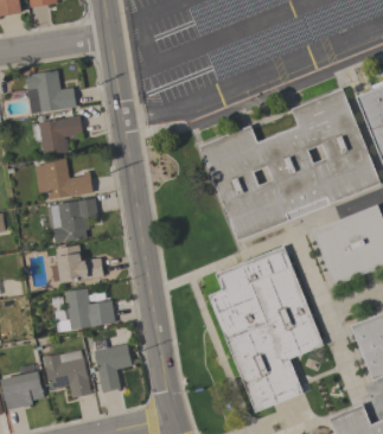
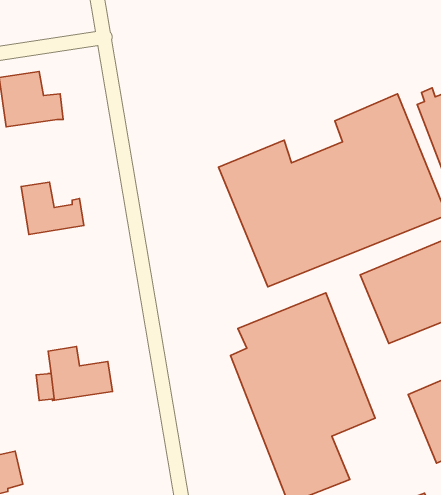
building: [32,115,83,157] -> none
building: [50,198,97,243] -> none
building: [56,245,103,282] -> none
building: [94,344,132,392] -> none
building: [43,350,91,398] -> none

